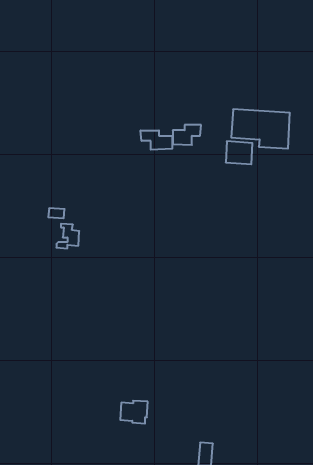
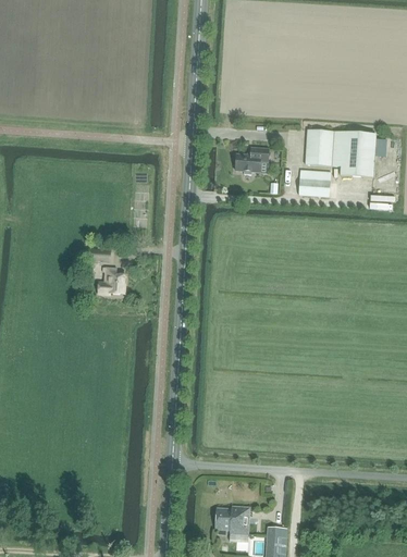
building: [141,130,172,150] -> none
building: [120,401,148,424] -> [217,506,249,533]

